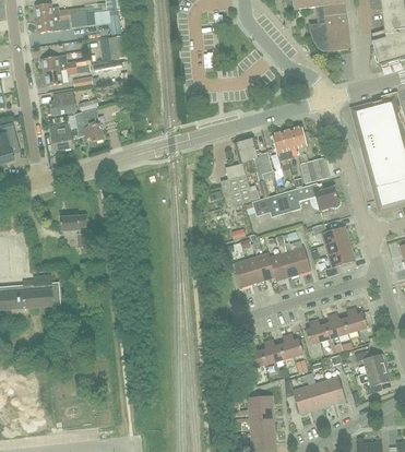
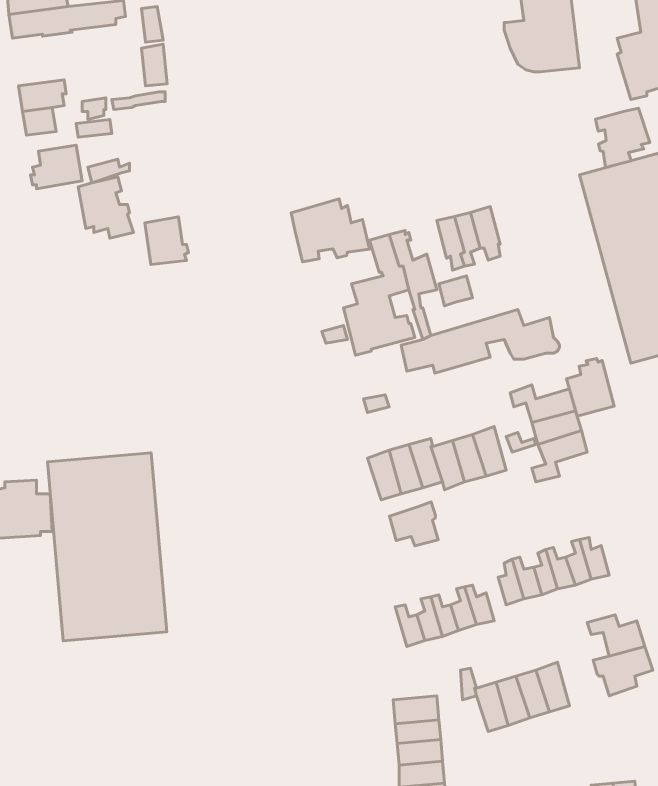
building: none -> [596,108,650,167]
building: none -> [291,199,369,262]
building: [50,123,74,150] -> [145,217,189,264]
building: [299,157,327,183] -> none
building: none -> [567,358,614,416]
building: [60,215,92,252] -> none
building: none -> [48,453,167,641]
building: none -> [389,502,438,546]

